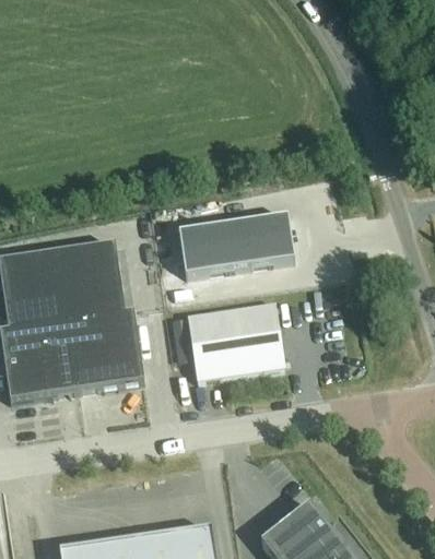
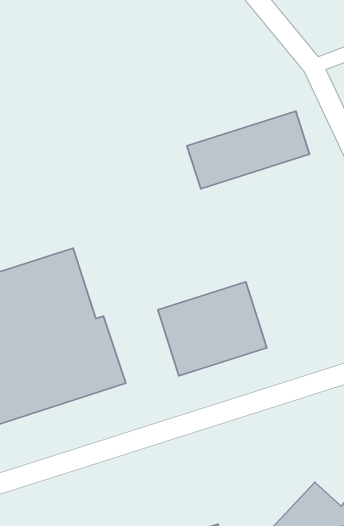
building: [179,217,294,276] -> [187,111,309,189]

